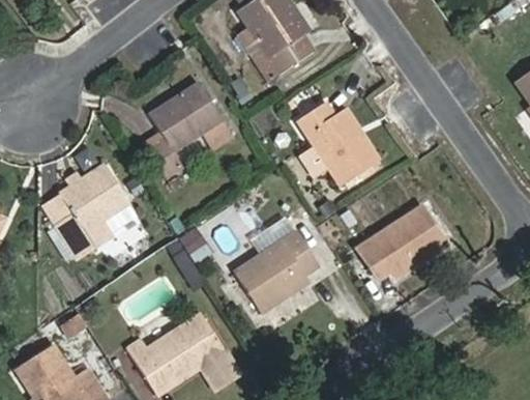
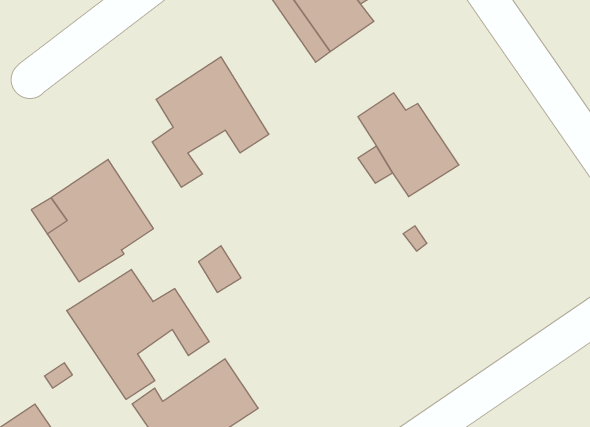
building: [362,208,450,283] -> none
building: [235,231,321,316] -> none
building: none -> [67,269,209,399]

